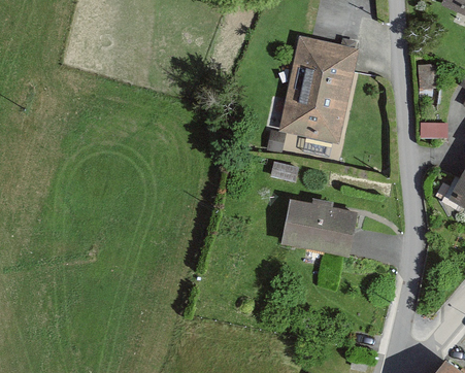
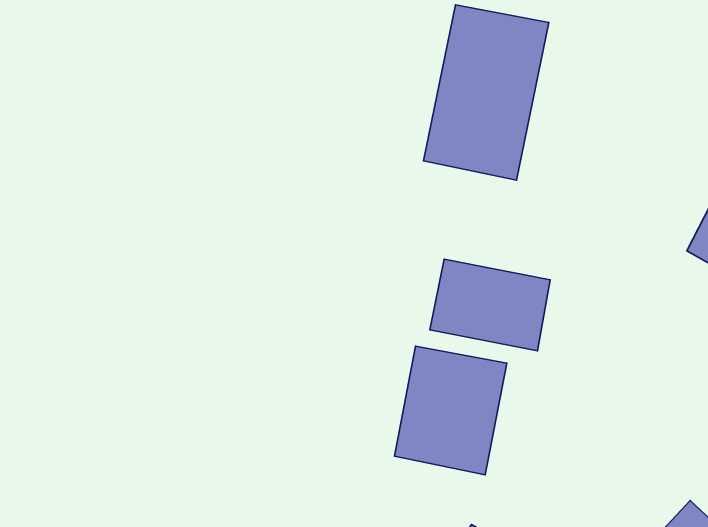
building: none -> [395,346,507,475]

